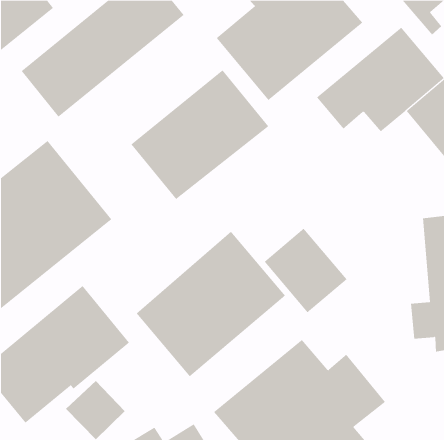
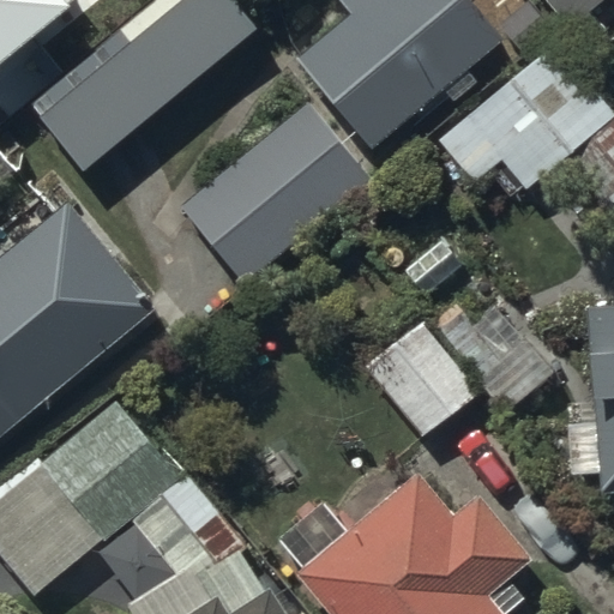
building: [136,231,286,377] -> none

